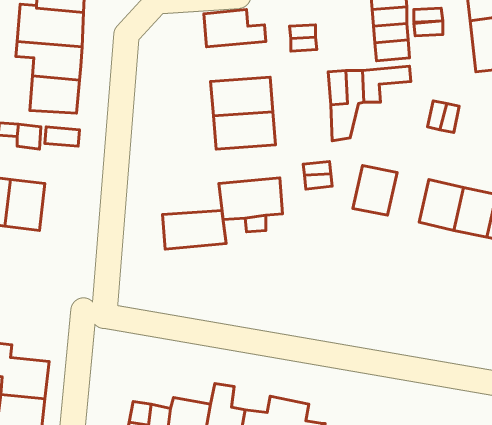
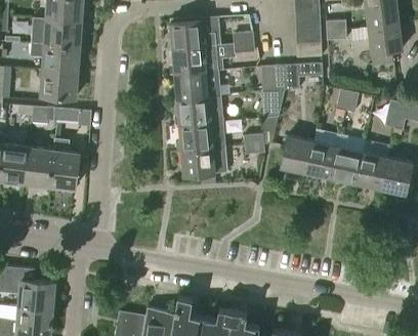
building: none -> [172,44,219,74]
building: none -> [48,138,78,187]
building: none -> [306,141,337,178]
building: [163,210,226,249] -> [179,121,226,150]

